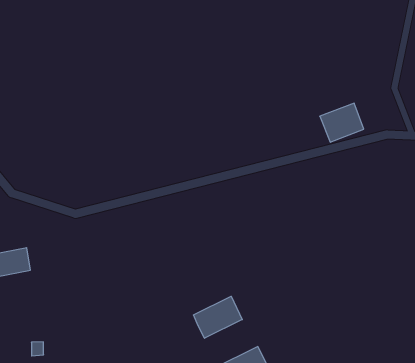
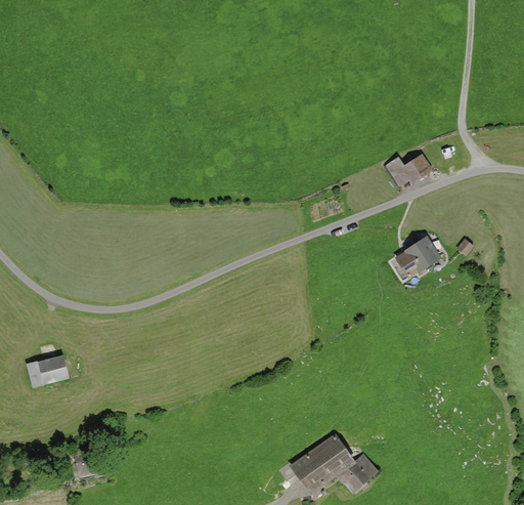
building: none -> [397,236,444,283]
building: [194,296,242,338] -> none

